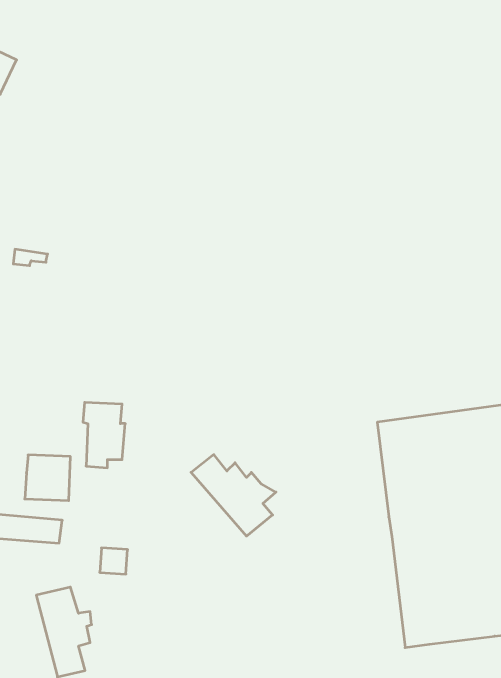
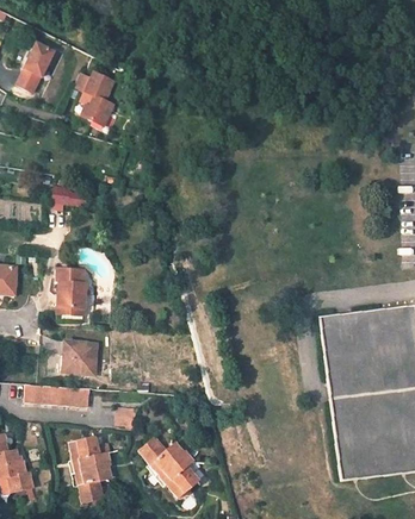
building: none -> [73,70,116,126]
building: [83,402,125,468] -> [54,268,85,315]
building: [191,455,276,536] -> [137,437,199,496]

